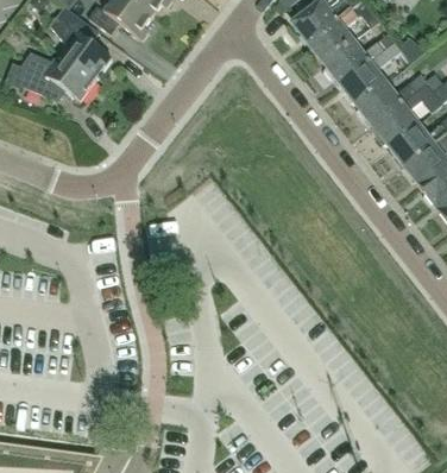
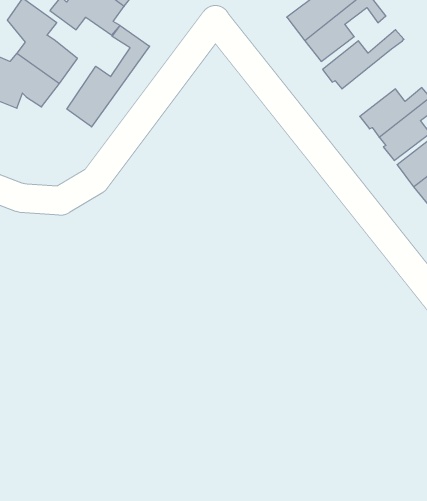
building: none -> [67,26,150,127]
building: [340,43,399,105] -> none

